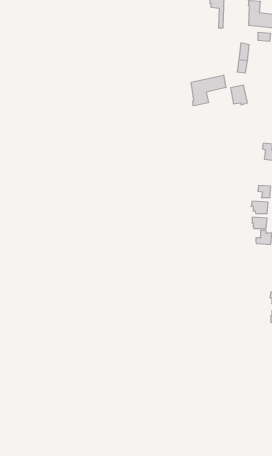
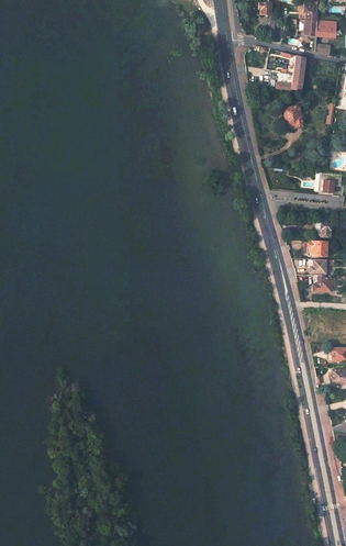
building: [191,75,226,106] -> none

